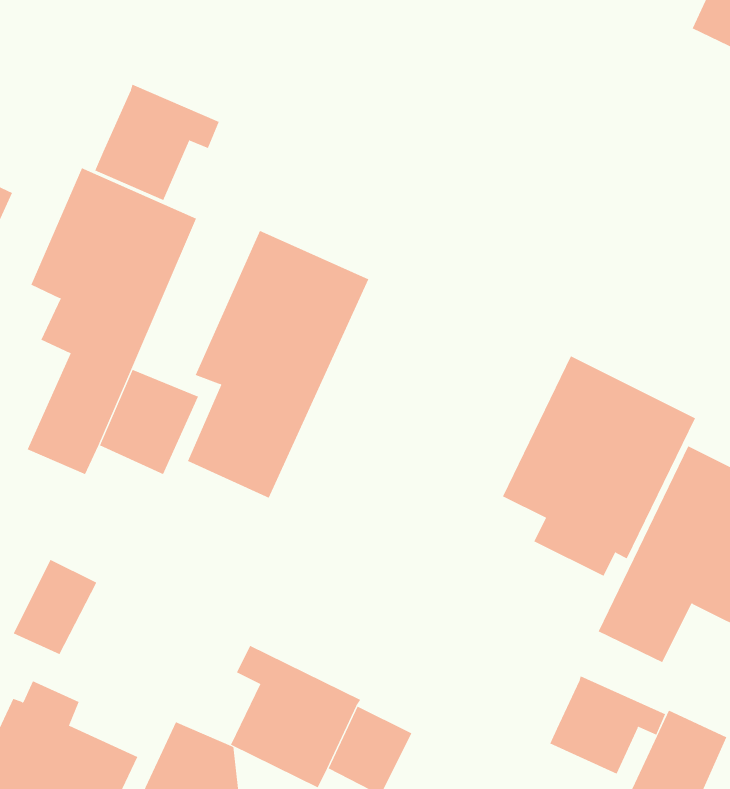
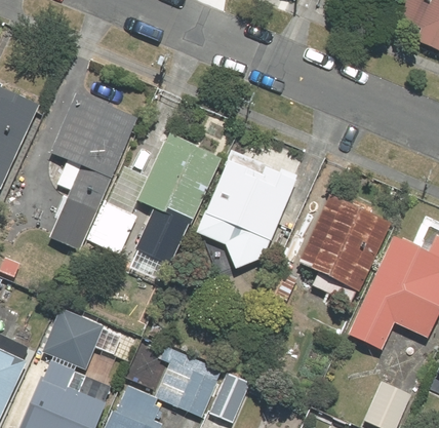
building: [95,84,220,201] -> none
building: none -> [195,158,298,271]
building: [550,675,666,774] -> none

